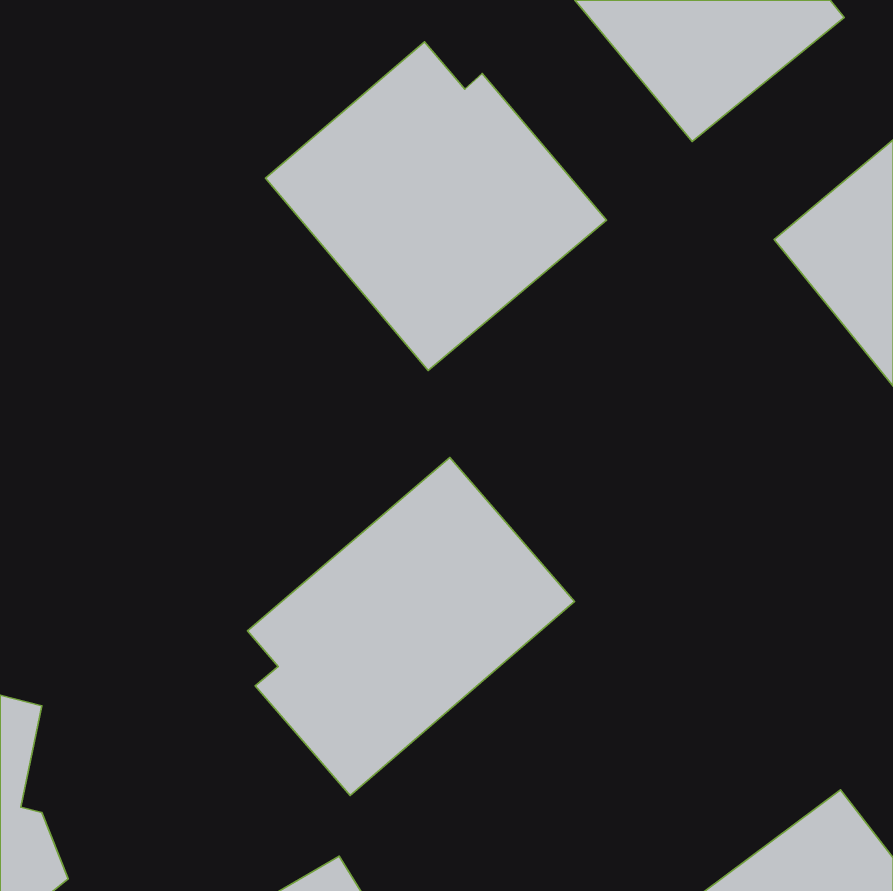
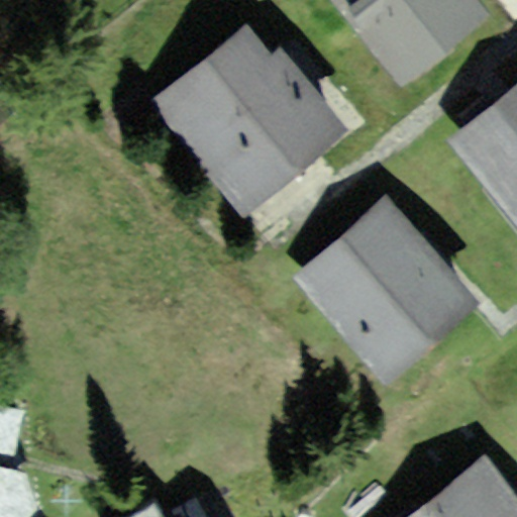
building: none -> [293,199,473,380]
building: [248,458,574,796] -> none

